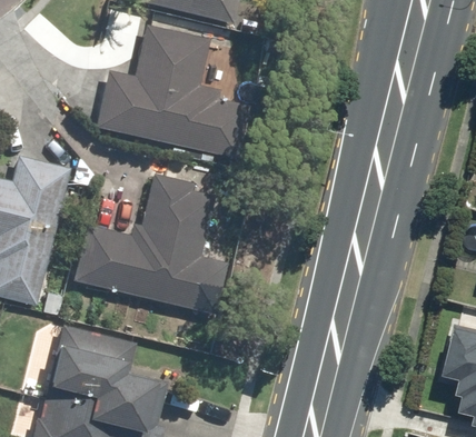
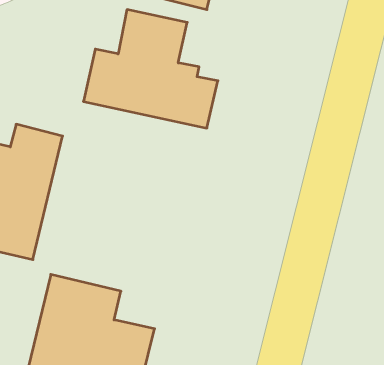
building: [73,172,218,312] -> none

